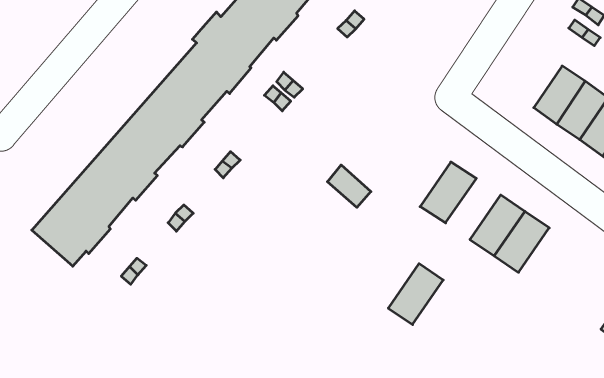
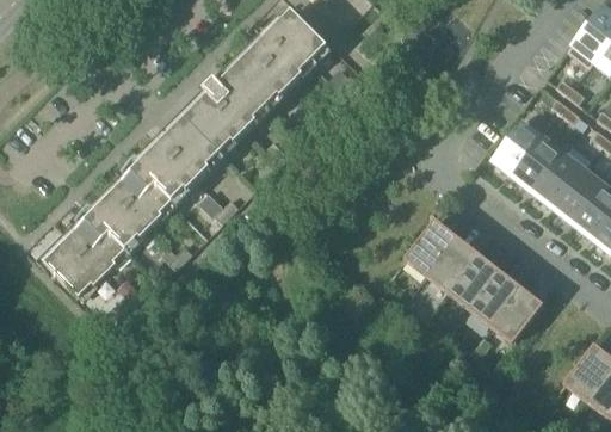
building: none -> [492,118,542,172]
building: [327,165,371,207] -> none
building: none -> [489,284,542,341]
building: [388,264,443,325] -> [425,234,477,290]

